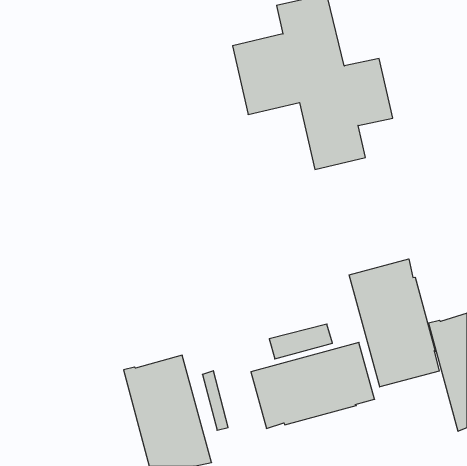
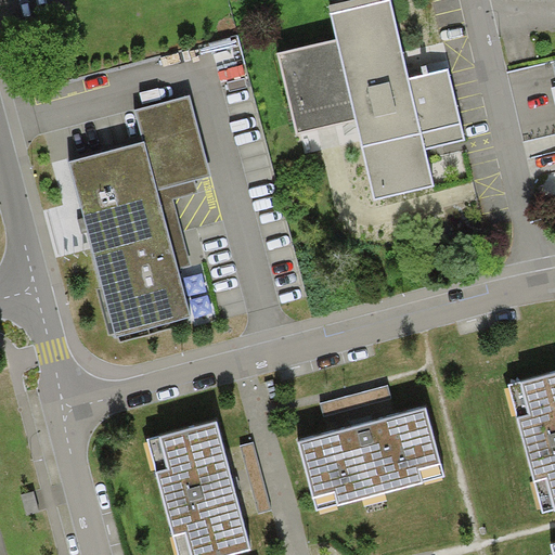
building: none -> [68,95,210,337]
building: [349,259,439,387] -> none

